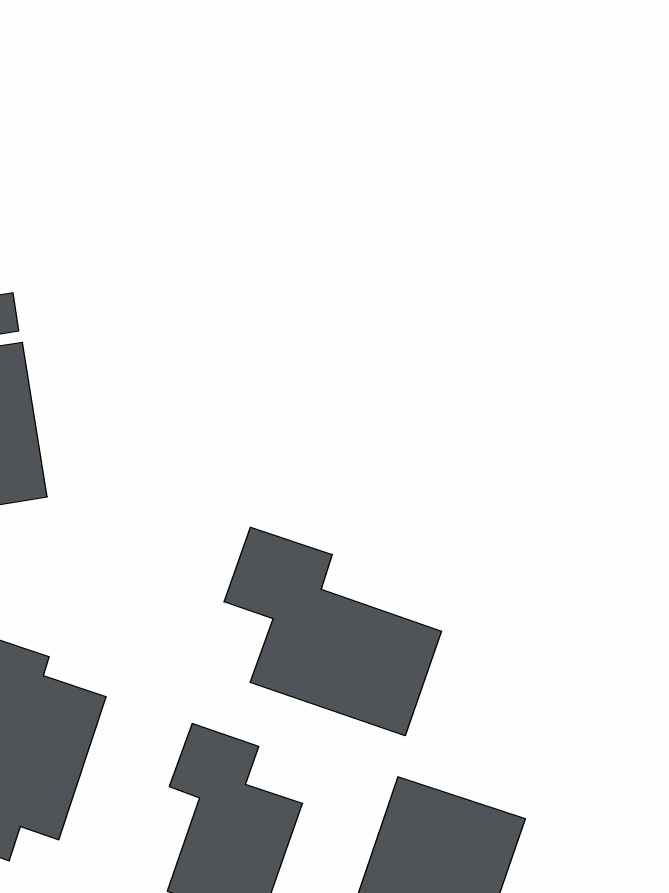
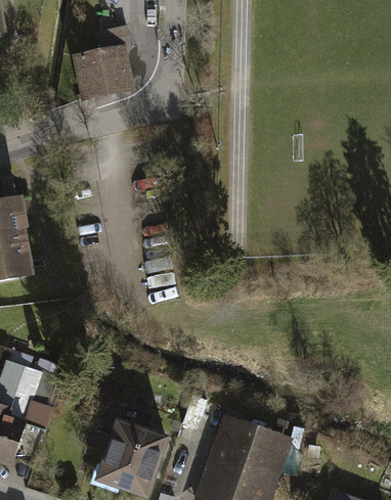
building: none -> [72,17,134,96]
building: [224,527,441,736] -> none

